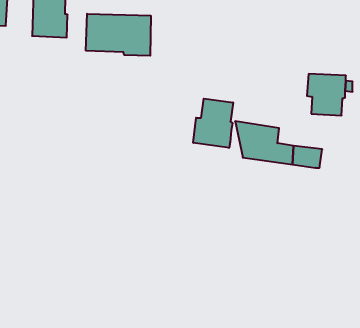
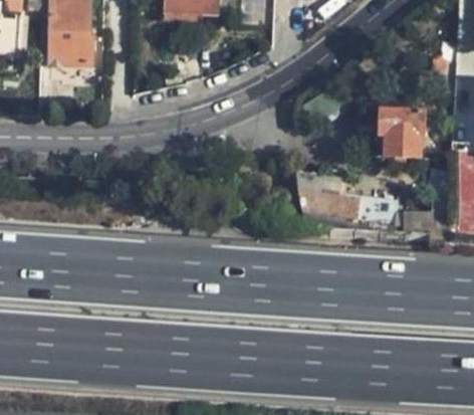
building: [86,14,151,56] -> none
building: [193,99,233,148] -> none

